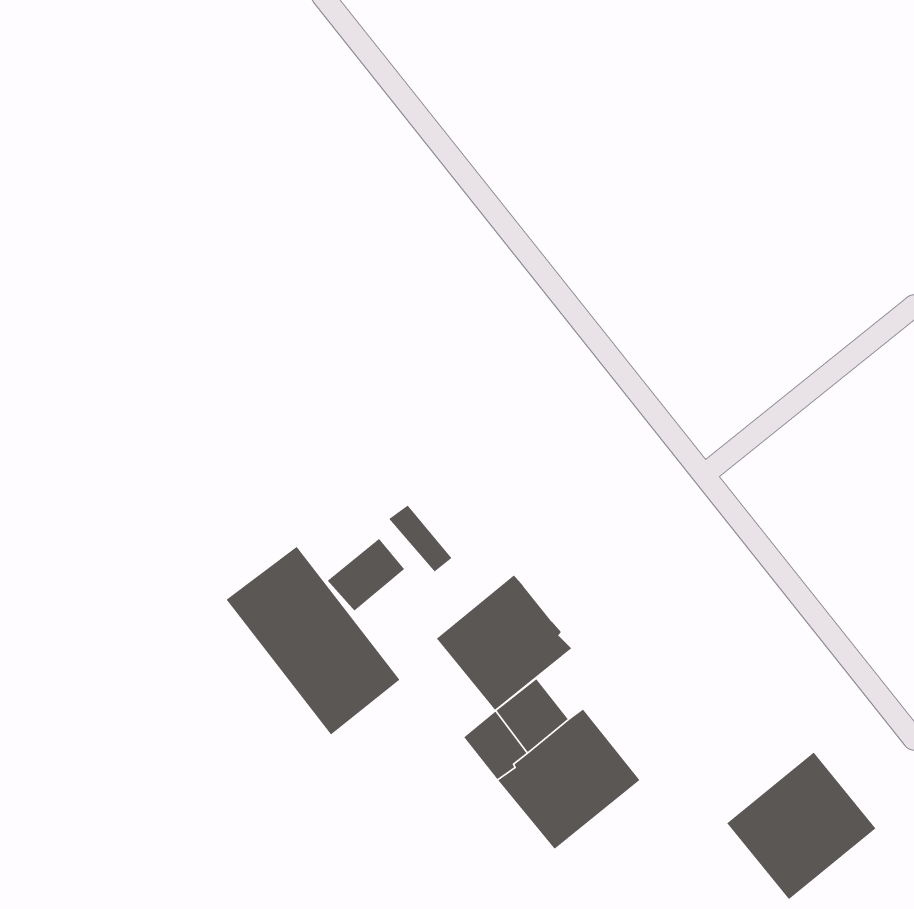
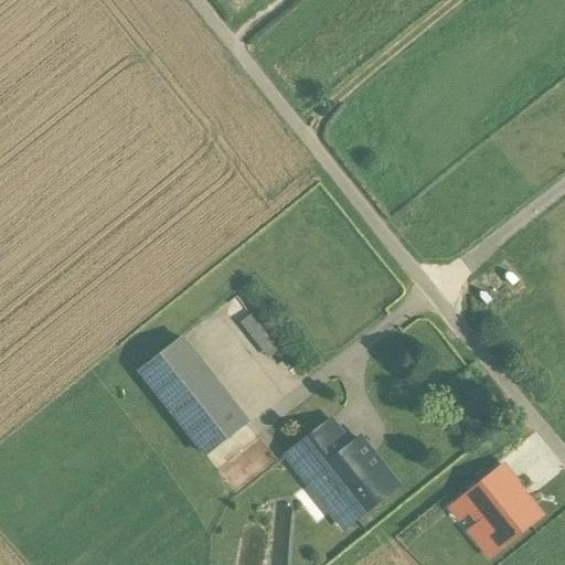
building: [327,538,405,611] -> none
building: [436,574,572,711] -> none

